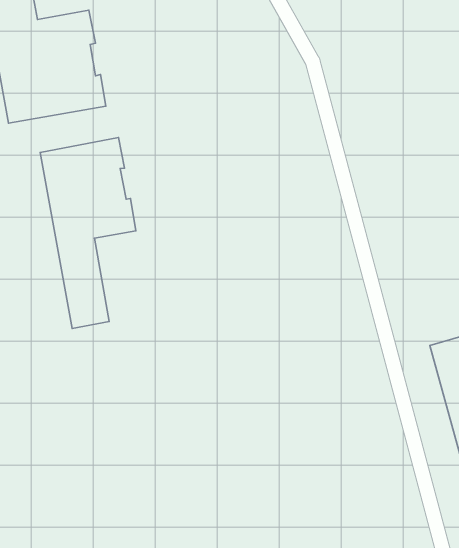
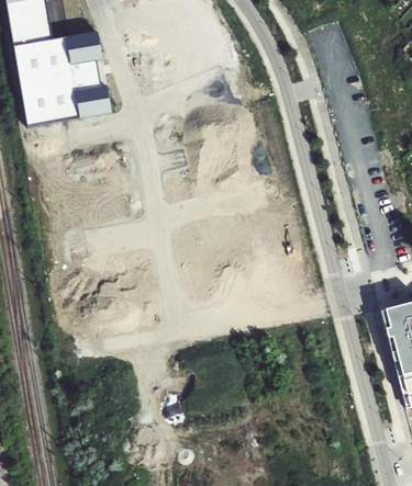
building: [40,138,136,329] -> none

